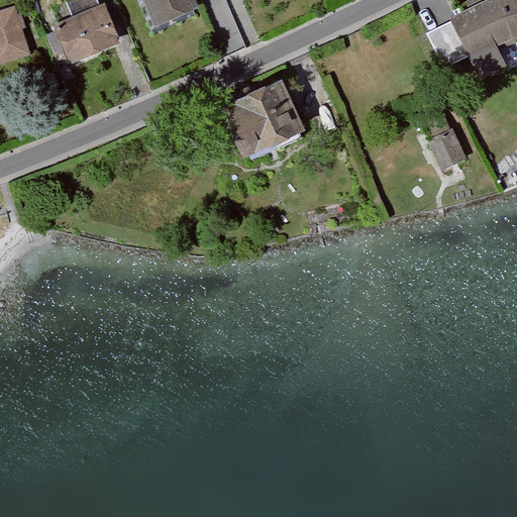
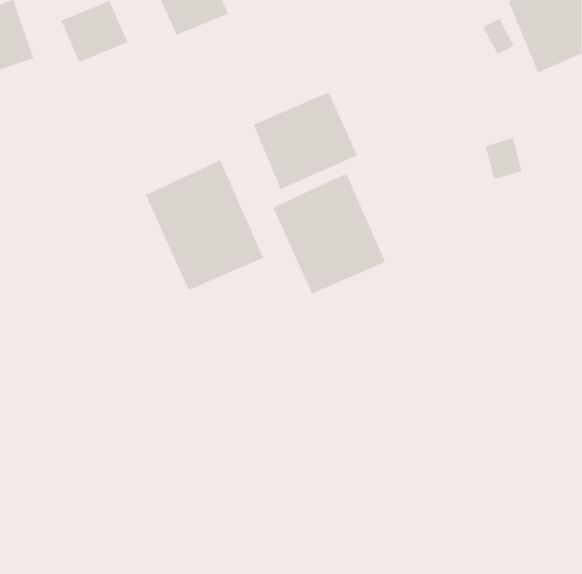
building: none -> [145,160,264,291]
building: none -> [272,173,386,295]

